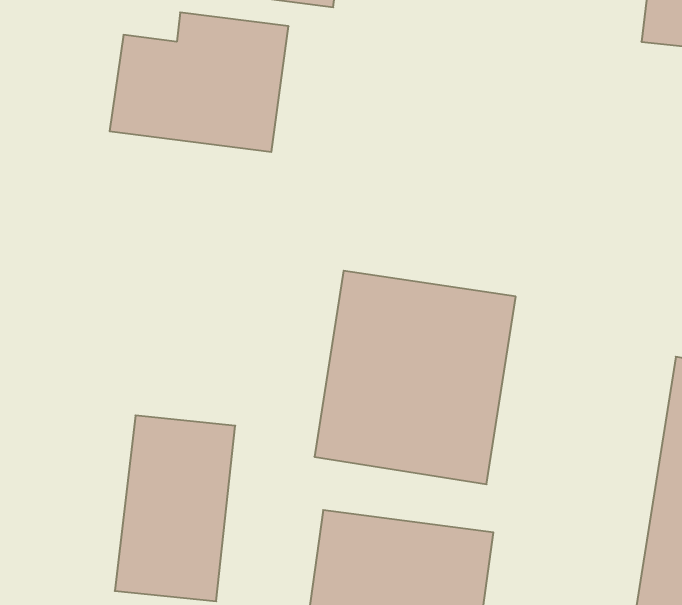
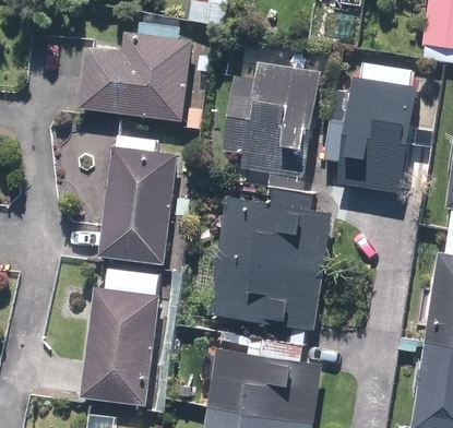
building: none -> [223,58,324,177]
building: none -> [339,75,418,191]
building: none -> [99,144,177,263]

